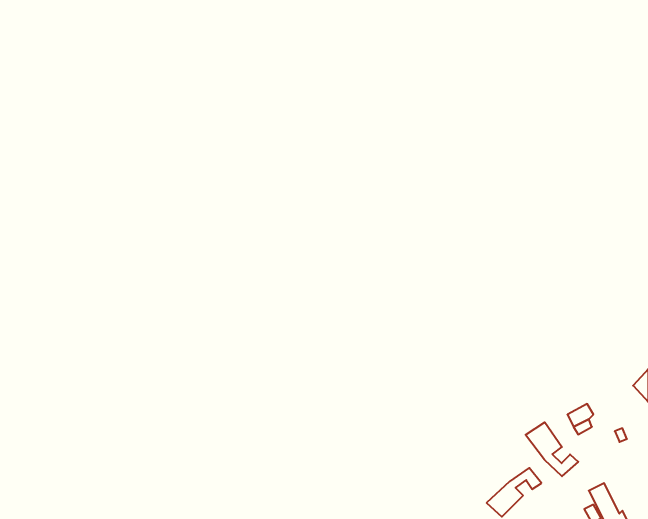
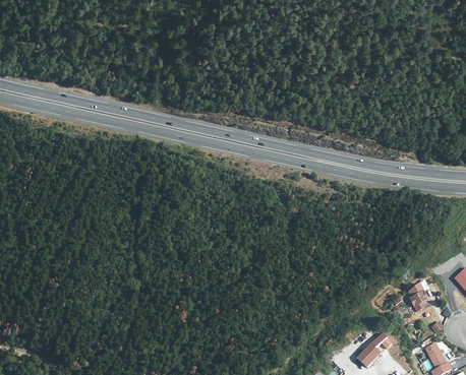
building: [526,422,578,476] -> none

